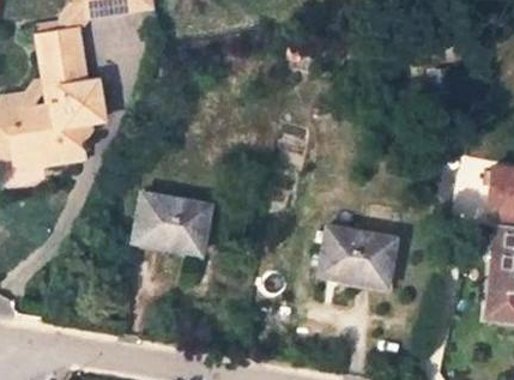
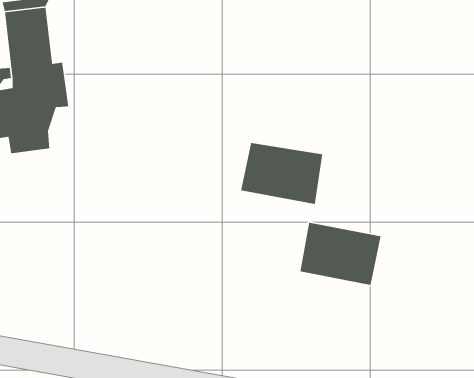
building: [132,195,210,254] -> [240,142,323,205]

